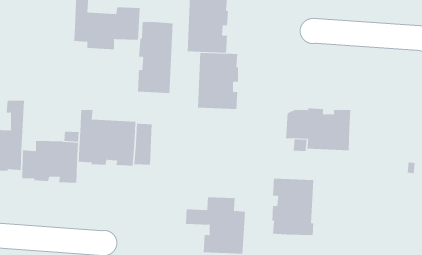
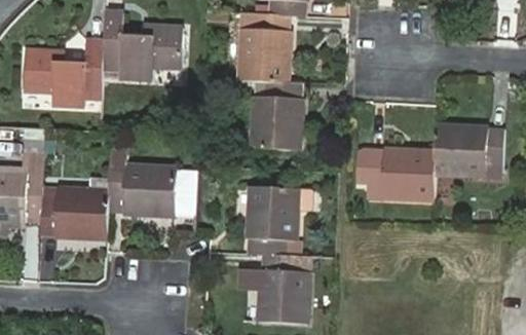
building: none -> [23,39,104,105]
building: [137,21,173,94] -> none
building: none -> [435,123,503,176]
building: [271,178,314,236] -> [247,186,298,255]

